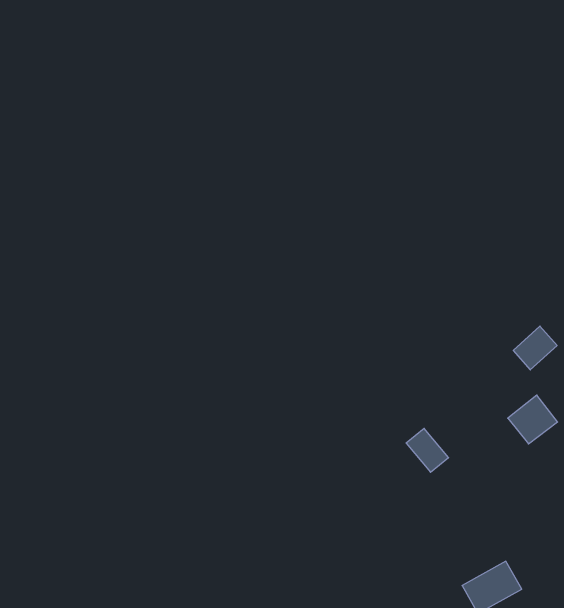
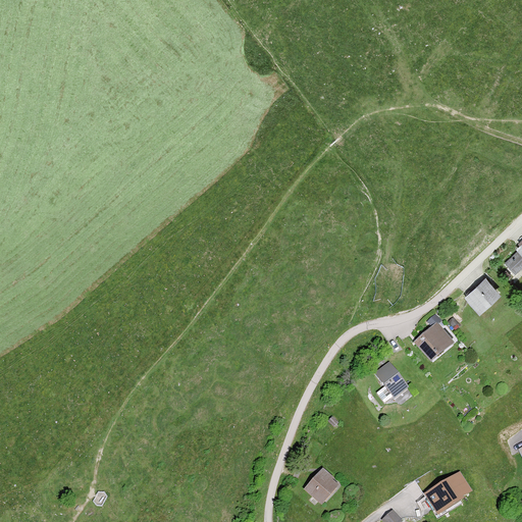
building: [508,395,558,444] -> [413,321,455,362]
building: none -> [303,467,341,505]

